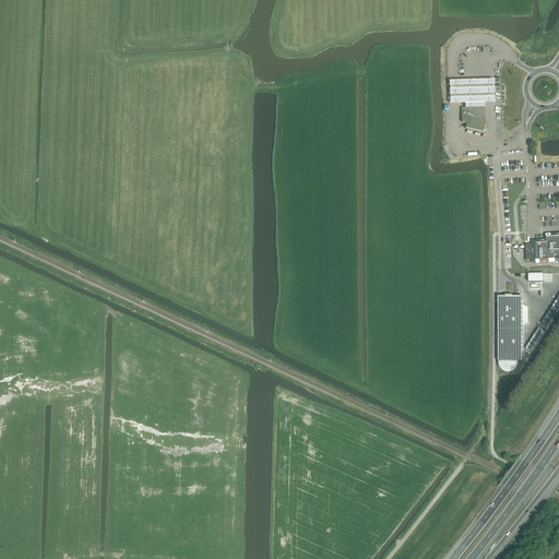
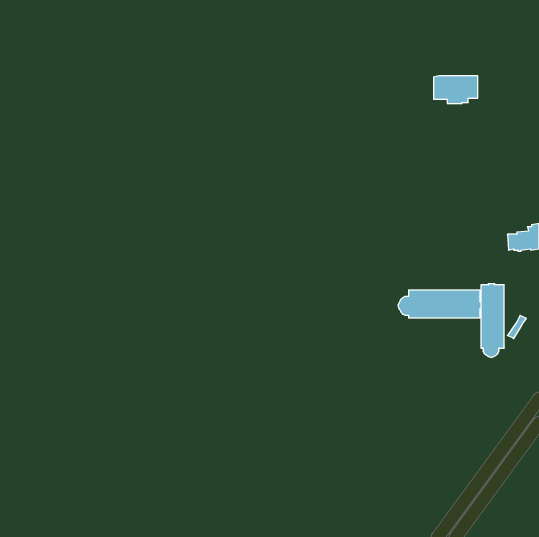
building: [462,106,485,131] -> none
building: none -> [398,290,481,318]

